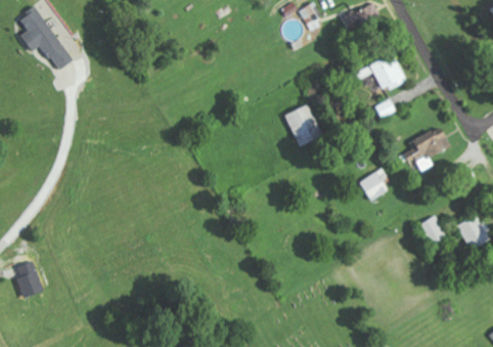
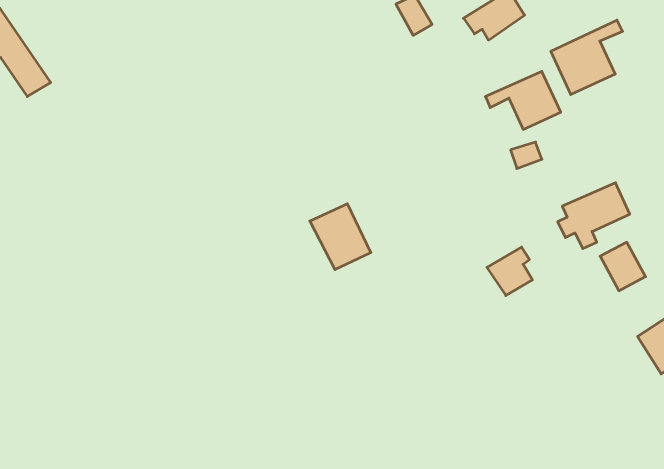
building: none -> [551,20,623,95]
building: [283,103,323,146] -> [310,204,371,270]
building: [417,215,447,247] -> [600,242,646,291]

